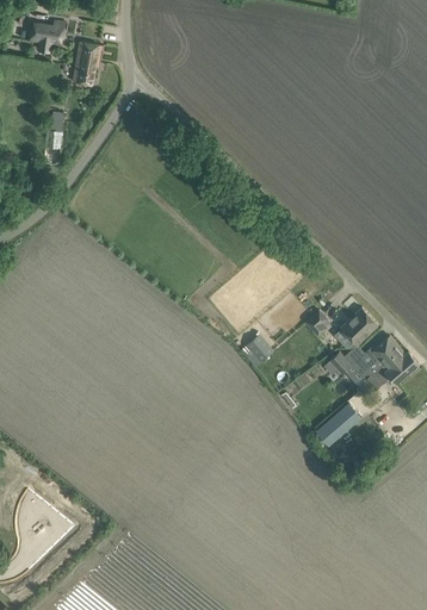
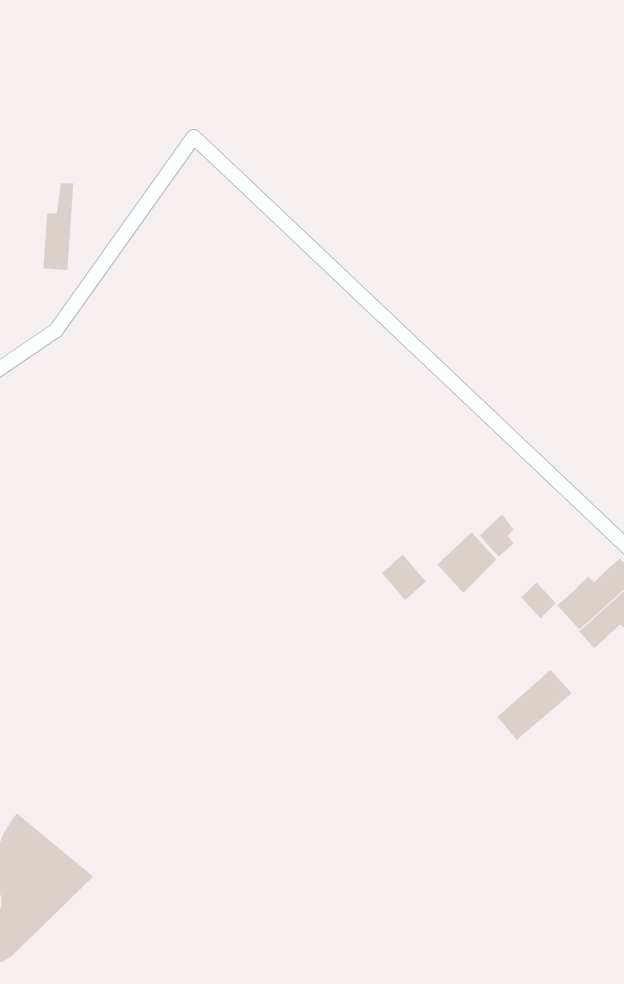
building: [29,23,67,48] -> none
building: [73,43,100,86] -> none
building: [340,309,377,346] -> [436,532,497,593]

